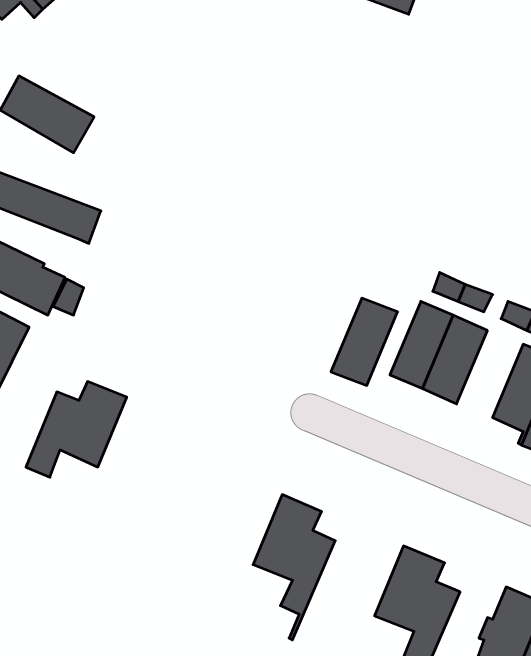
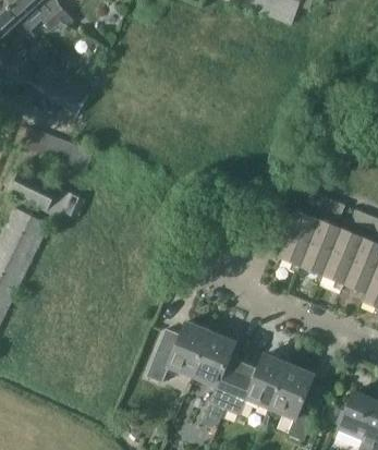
building: [331,298,398,385] -> [321,228,364,283]
building: [26,382,127,477] -> [146,323,210,384]
building: none -> [217,354,288,425]

